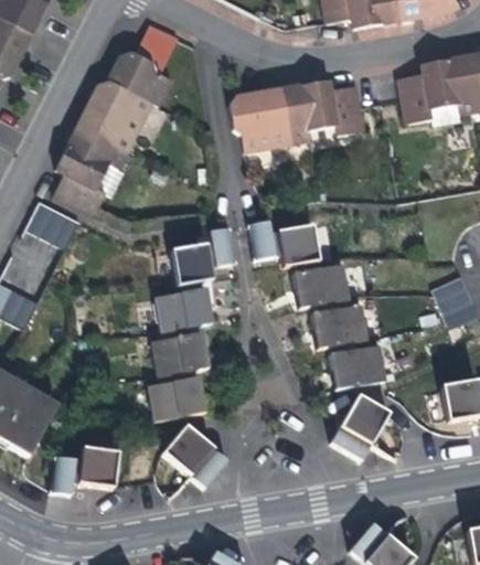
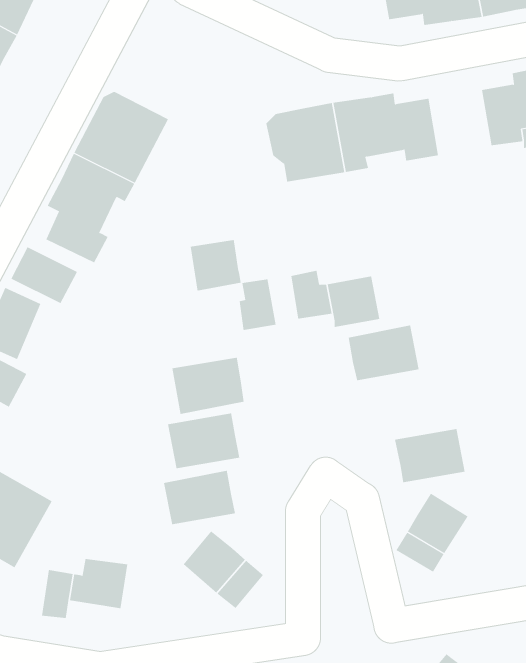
building: [108,40,171,104] -> none
building: [171,244,212,285] -> [190,240,242,291]
building: [310,303,365,347] -> none

